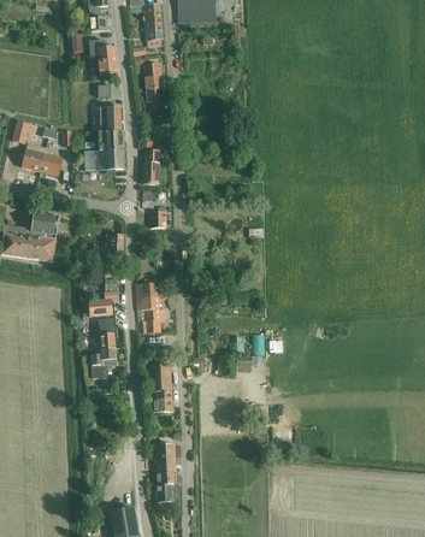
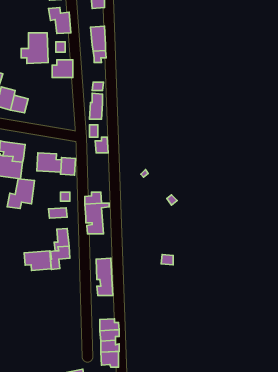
building: [89,130,124,170] -> [21,33,48,63]
building: none -> [37,153,61,172]
building: none -> [7,179,35,209]
building: none -> [24,251,51,270]

